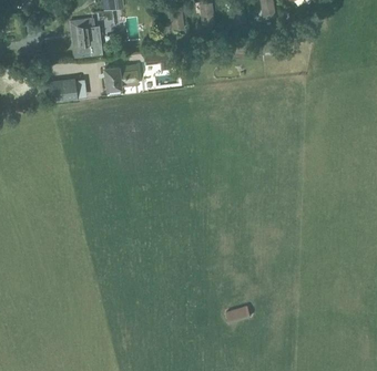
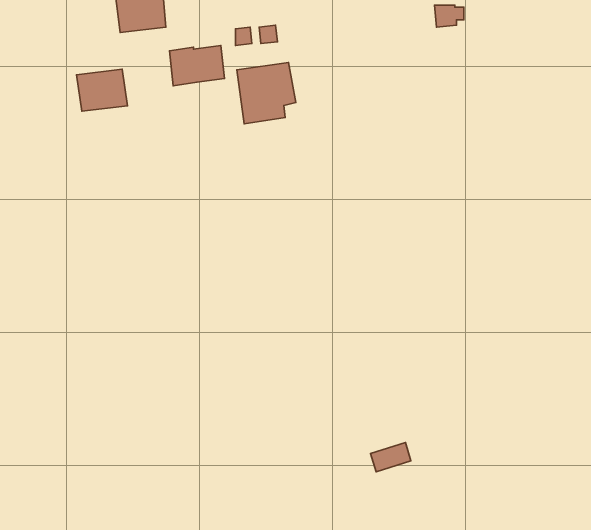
building: none -> [237,63,296,124]

